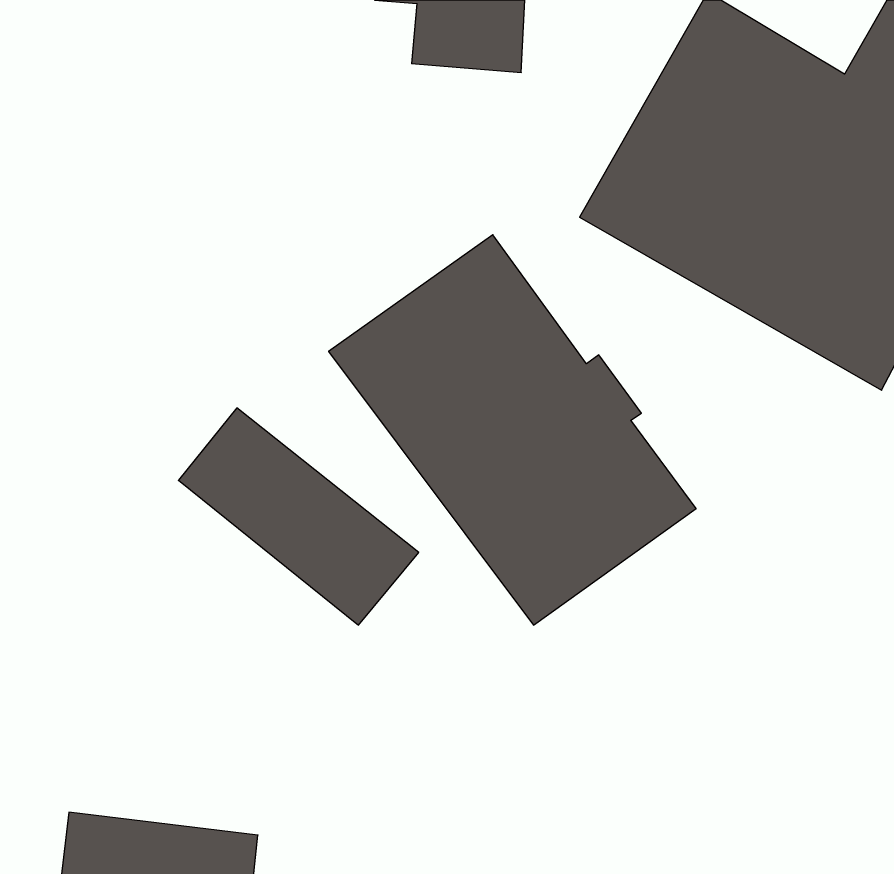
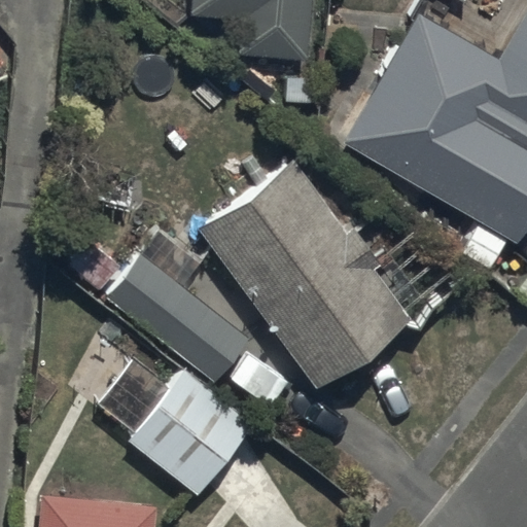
building: none -> [97,361,250,489]

